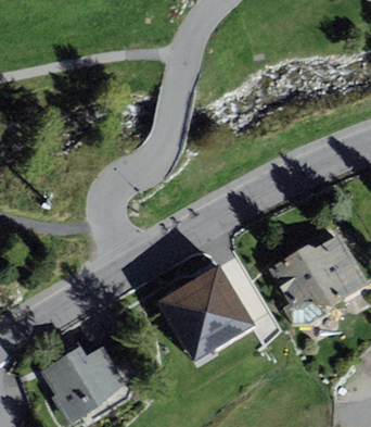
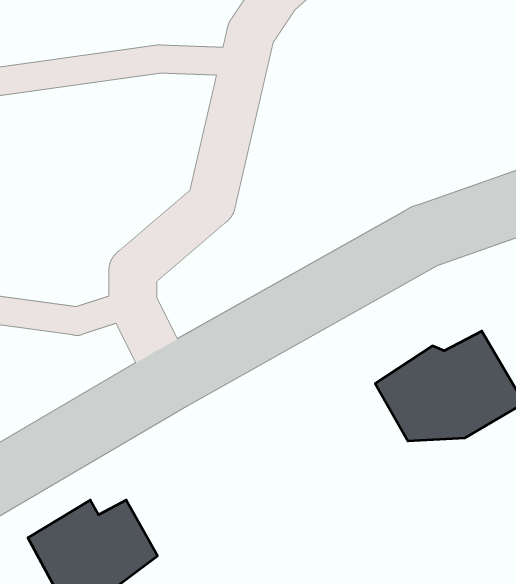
building: [158,266,255,363] -> none

